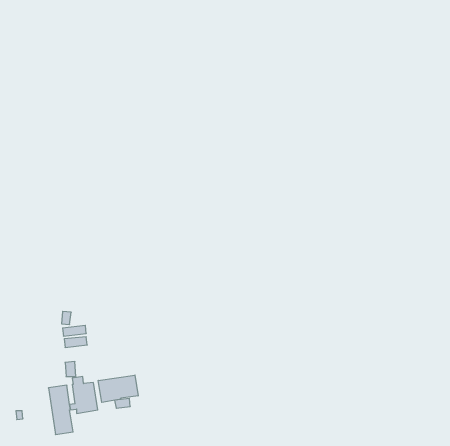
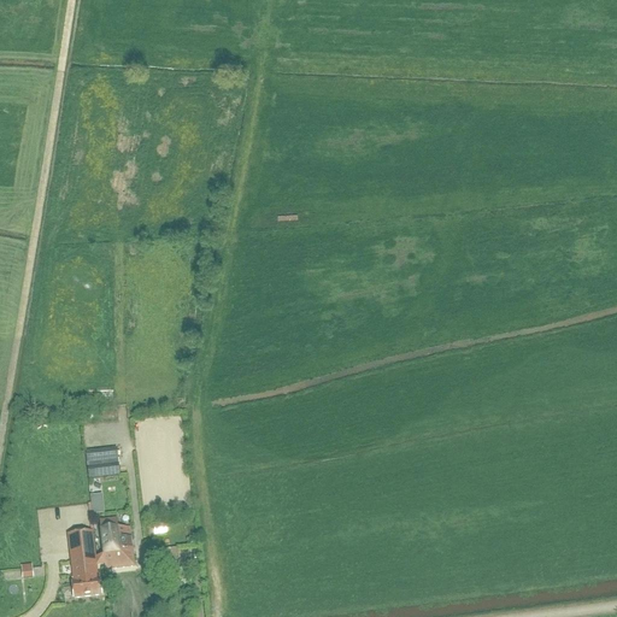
building: [98,375,138,402] -> none

